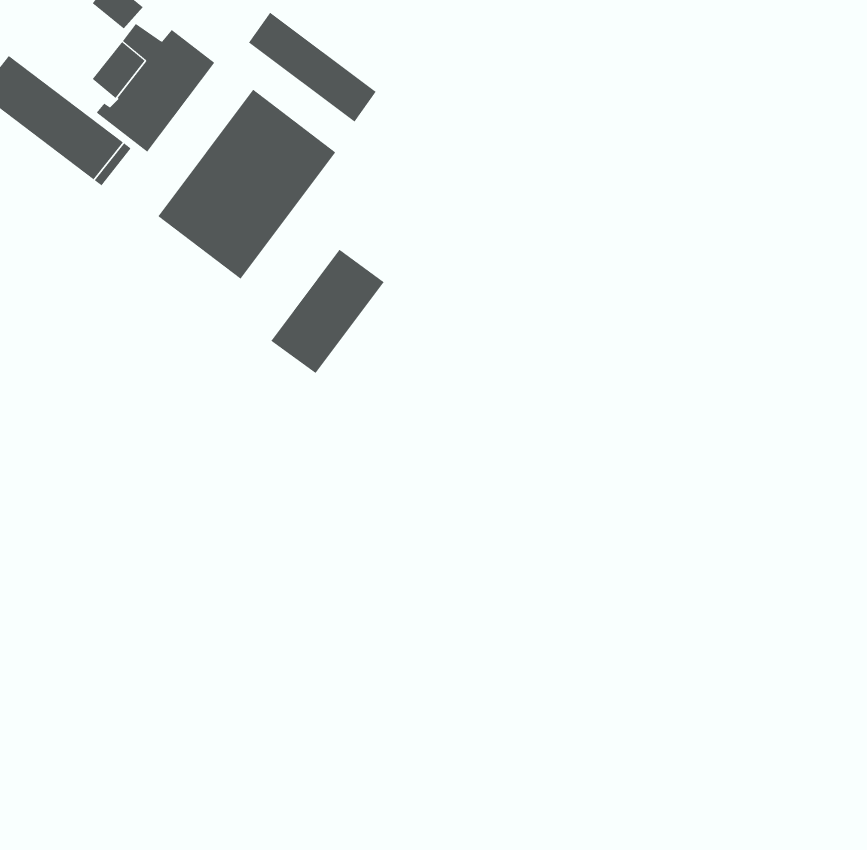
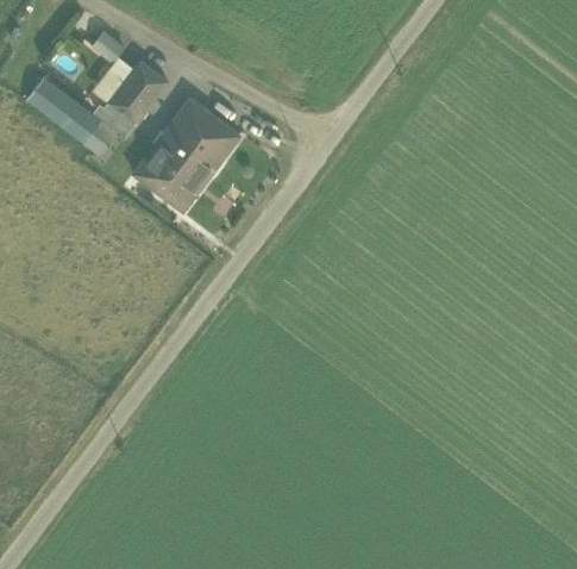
building: [248,12,377,123] -> none
building: [271,249,385,374] -> none

